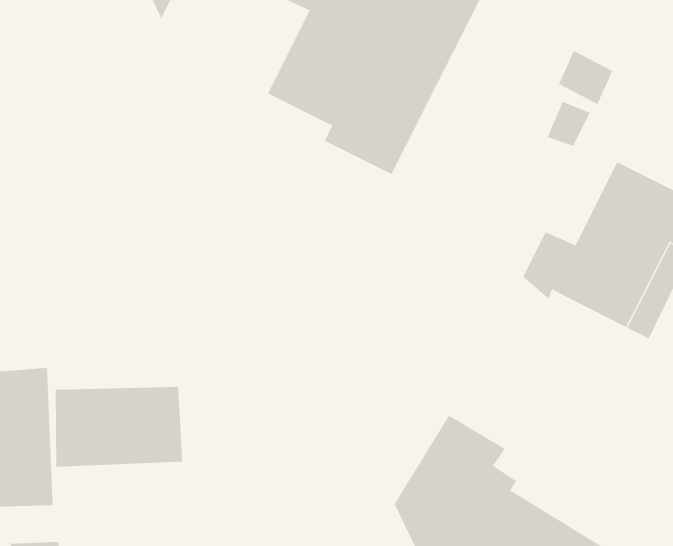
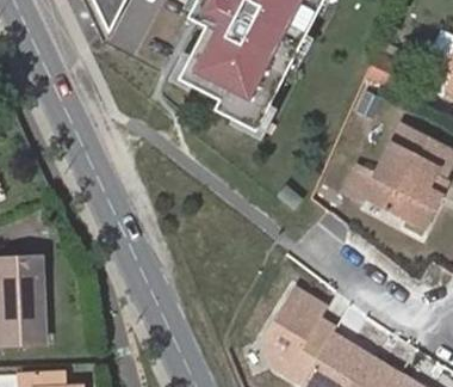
building: [55,386,183,467] -> none

